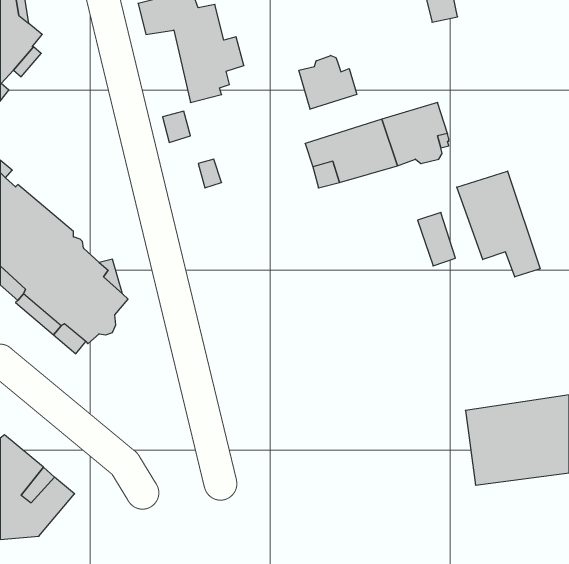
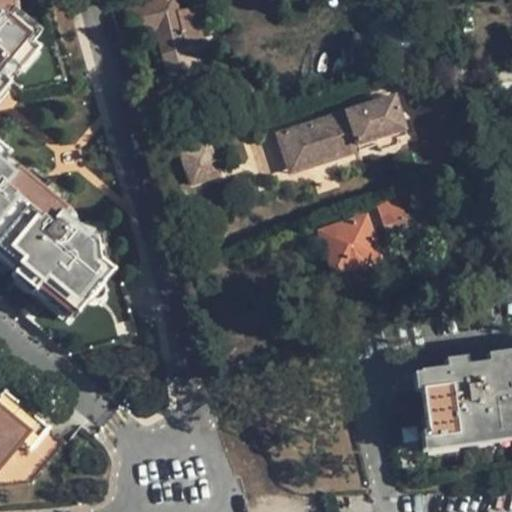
building: [299,55,357,109] -> none
building: [457,171,540,277] -> none
building: none -> [317,211,379,271]

